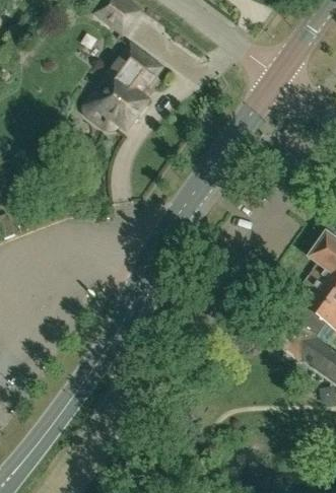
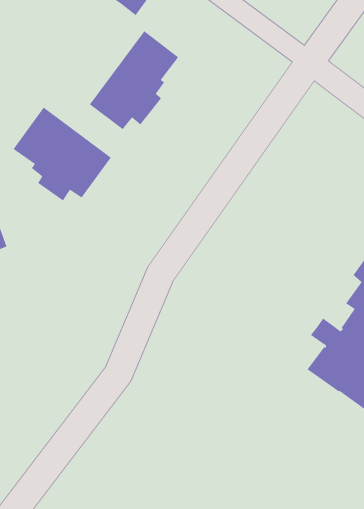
building: none -> [12,107,112,201]

